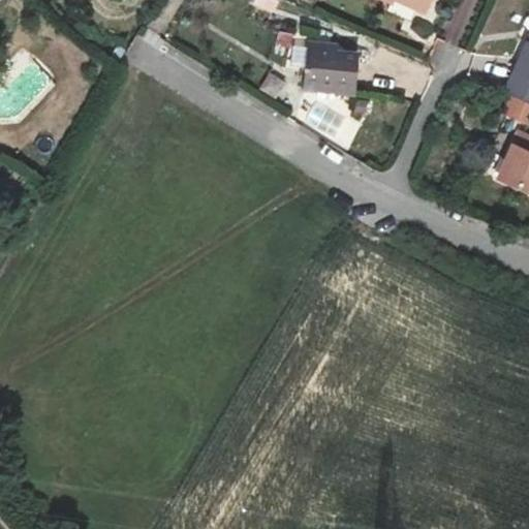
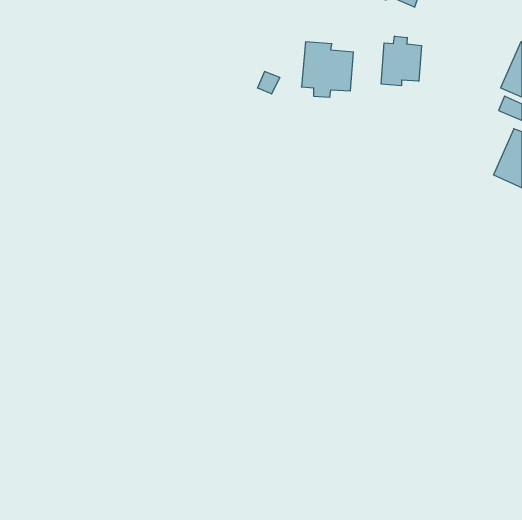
building: none -> [381,36,422,86]

